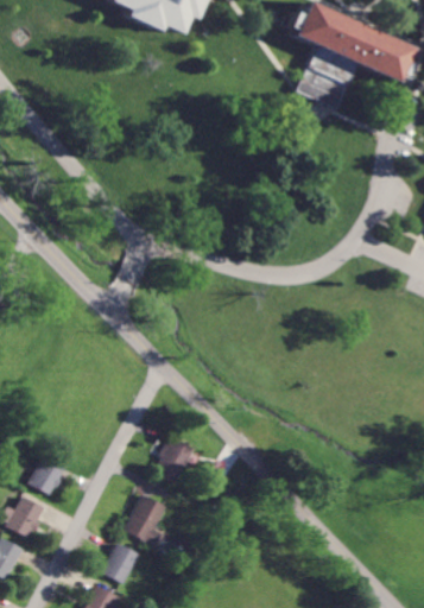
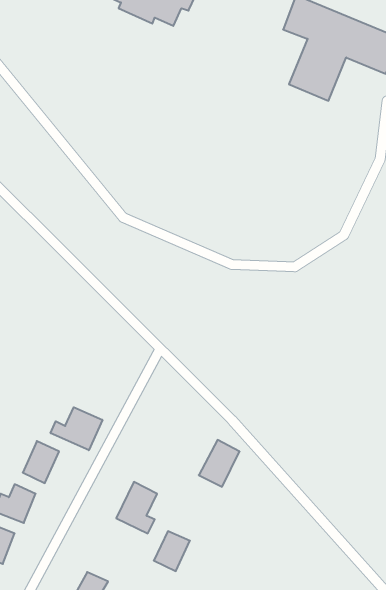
building: none -> [51,407,102,450]
building: [154,436,196,483] -> [199,440,240,487]
building: [102,543,139,583] -> [154,531,190,571]

